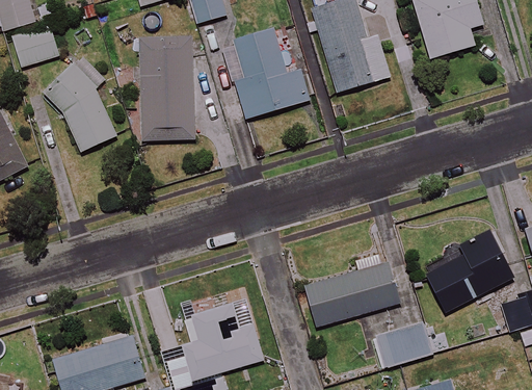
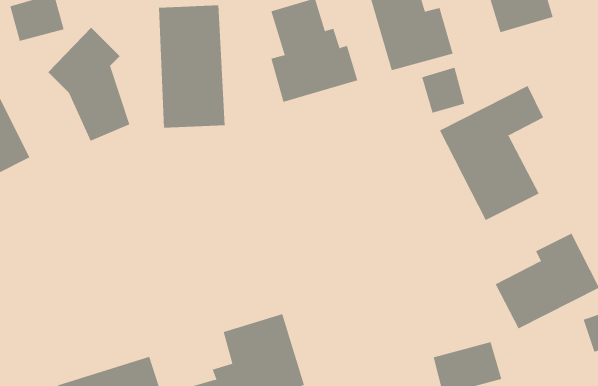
building: none -> [422,67,465,113]
building: none -> [439,85,544,221]
building: [305,264,398,326] -> none

